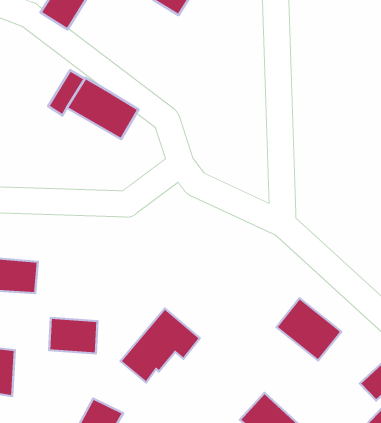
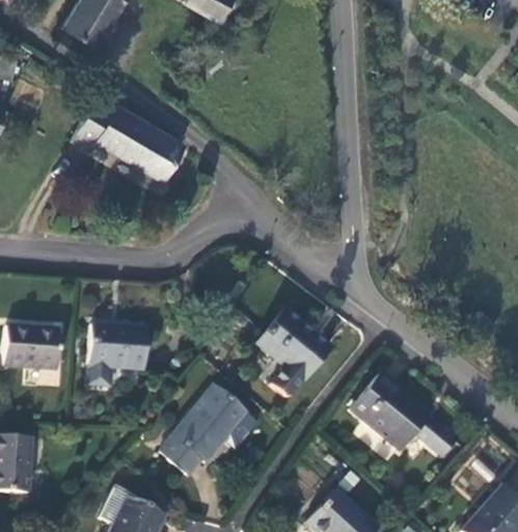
building: none -> [255,311,329,381]
building: [49,318,98,353] -> [87,325,146,369]
building: none -> [414,418,459,457]

